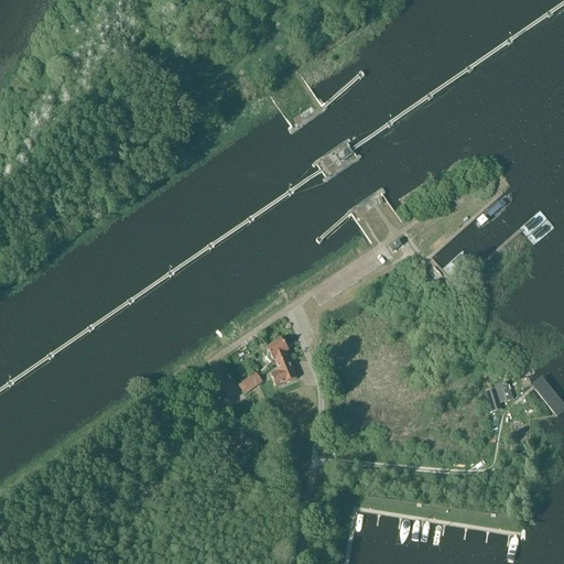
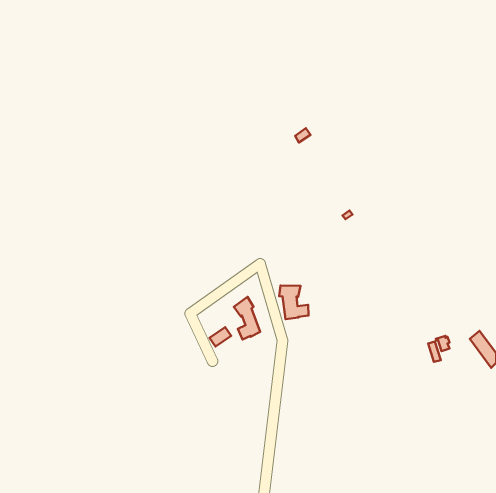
building: none -> [279,286,309,319]

